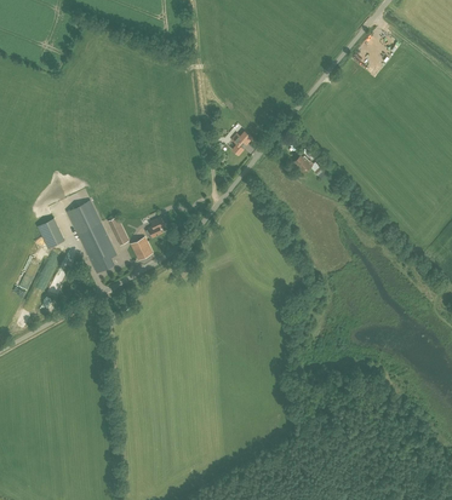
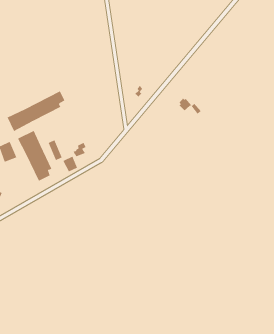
building: none -> [7,91,65,132]

